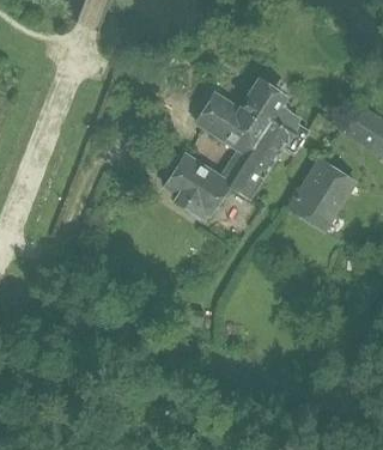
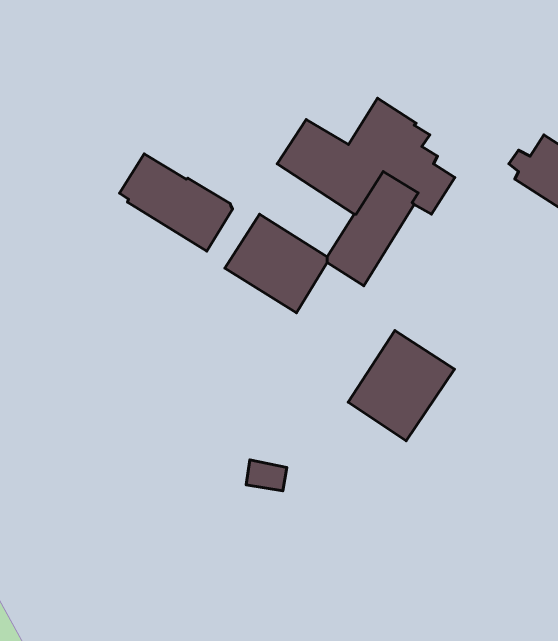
building: none -> [119,154,232,251]
building: [287,160,353,229] -> [348,331,455,441]

